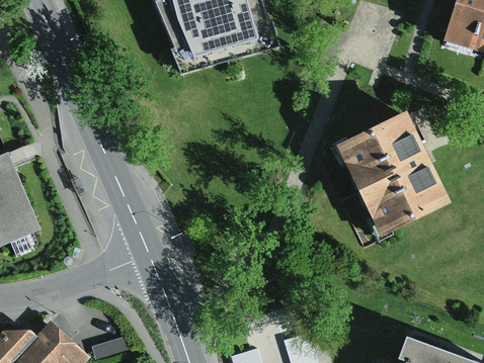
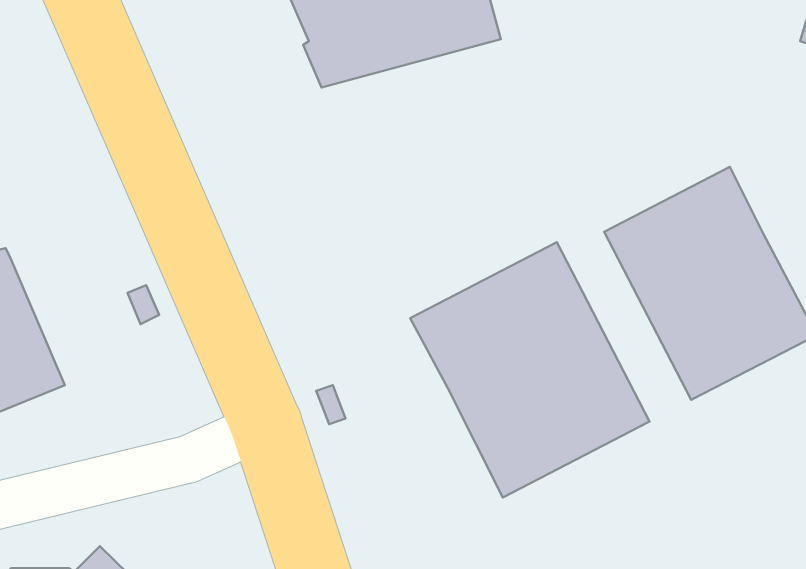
building: none -> [410,242,649,498]

